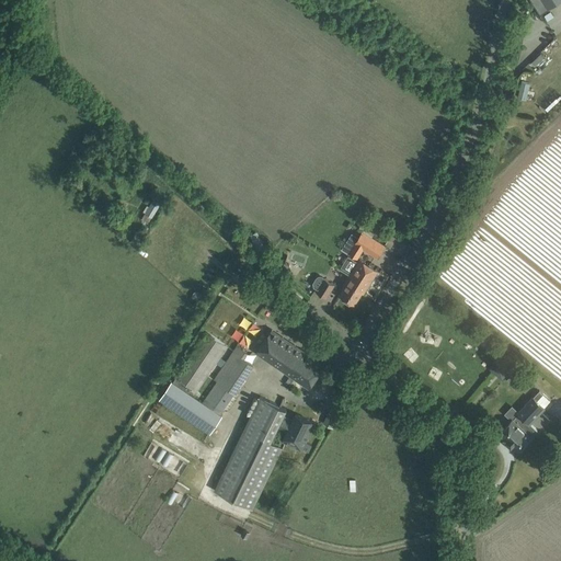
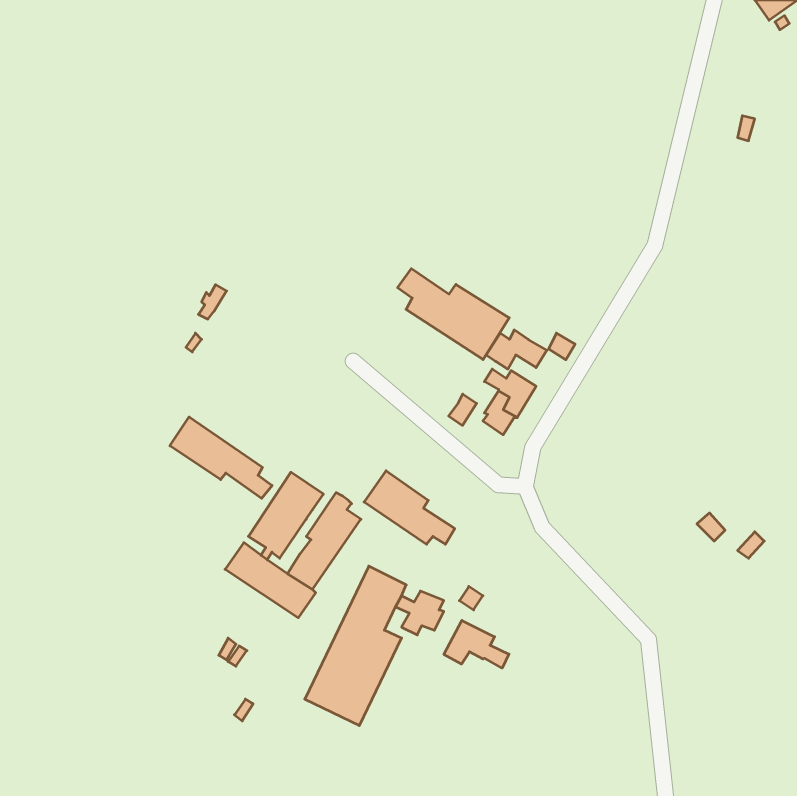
building: none -> [398,269,509,360]
building: none -> [170,417,272,498]
building: [499,391,550,451] -> none
building: none -> [444,620,509,668]

